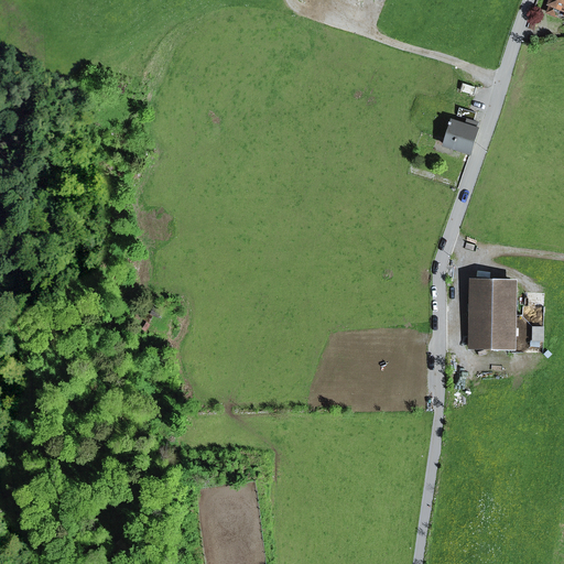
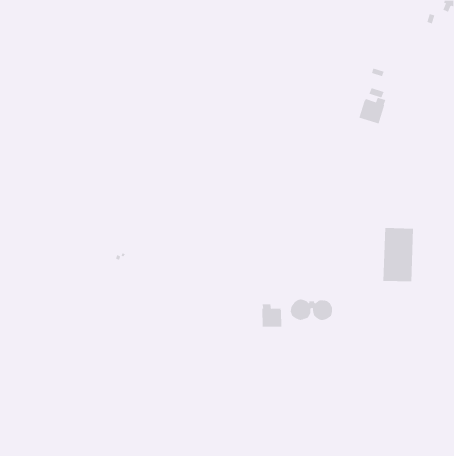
building: none -> [262,303,283,328]

